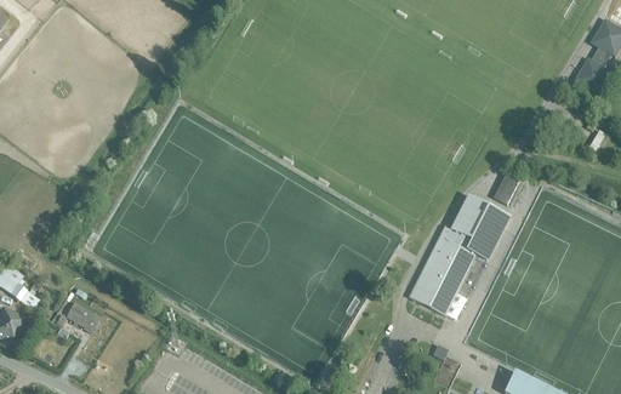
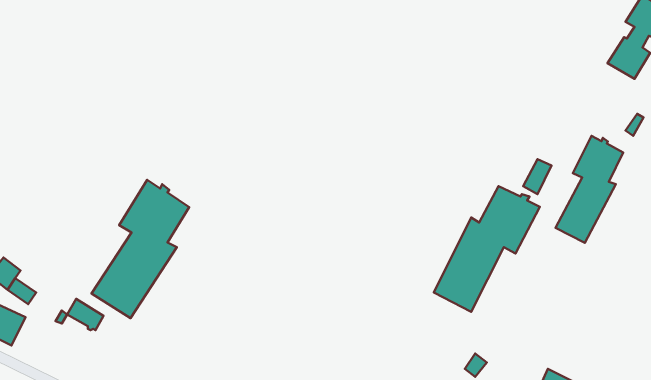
building: none -> [556,136,623,243]
building: none -> [92,180,189,318]

